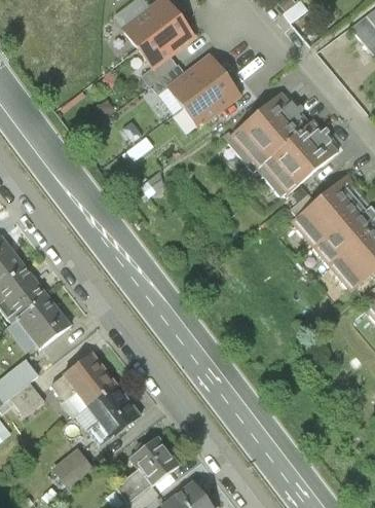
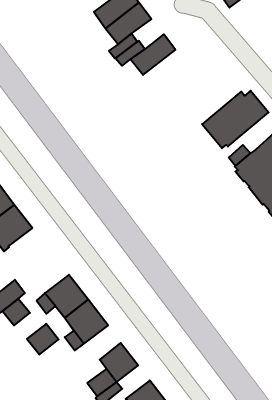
building: [183,74,238,124] -> none
building: [227,93,304,170] -> none
building: [16,294,70,347] -> none
building: [53,449,92,487] -> [27,324,59,355]

